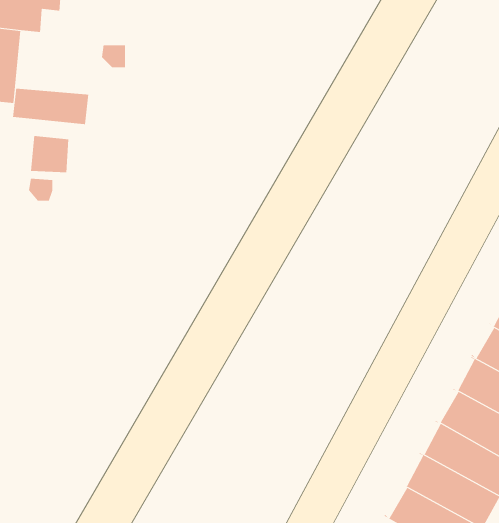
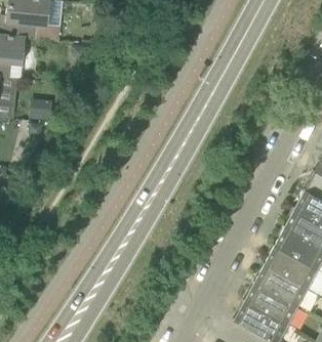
building: [12,88,94,125] -> none

